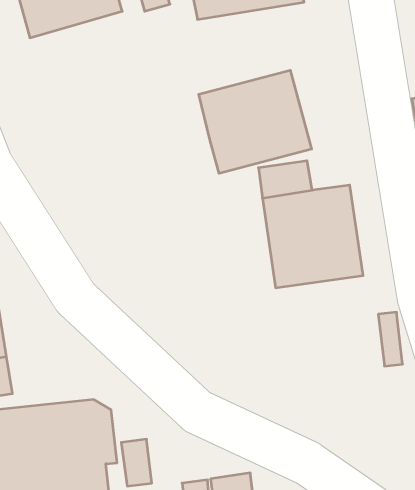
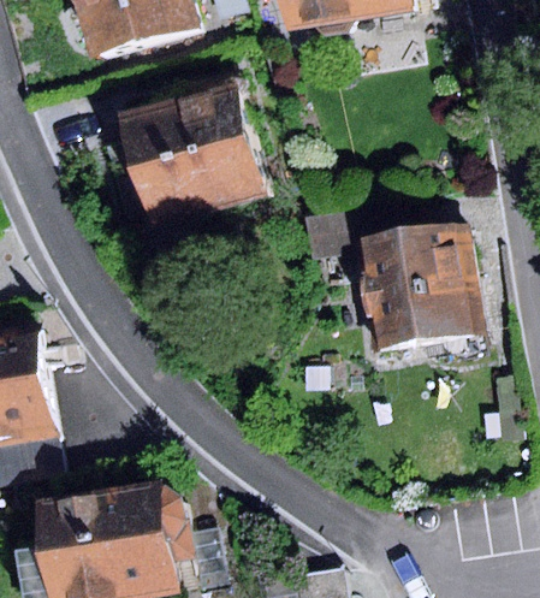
building: [199,70,312,173] -> none
building: none -> [123,94,263,226]

